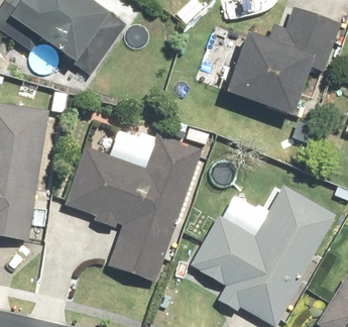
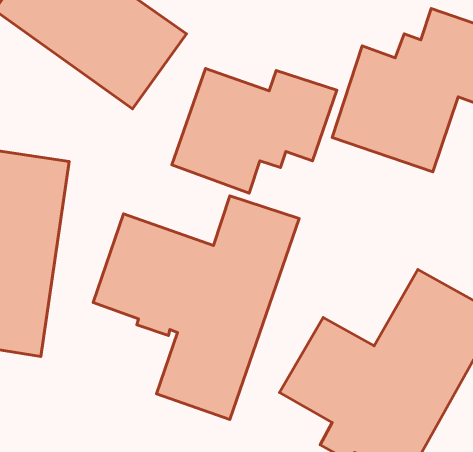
building: none -> [172,68,337,193]

